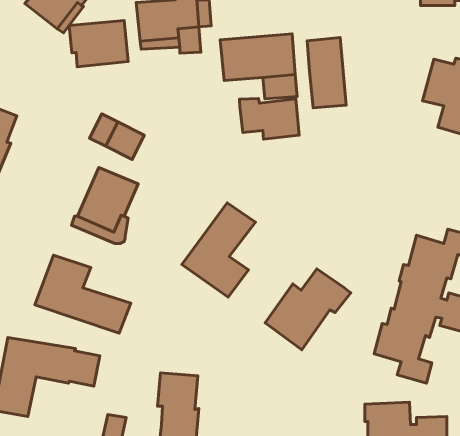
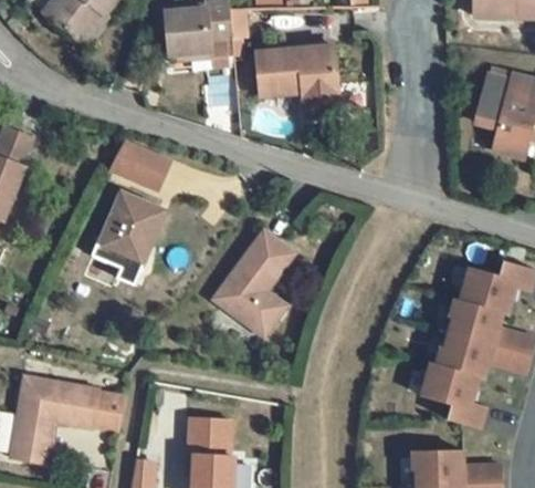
building: [69,20,128,67] -> none
building: [307,38,346,108] -> none
building: [239,98,299,139] -> none
building: [35,255,131,333] -> none
building: [265,269,351,350] -> none

